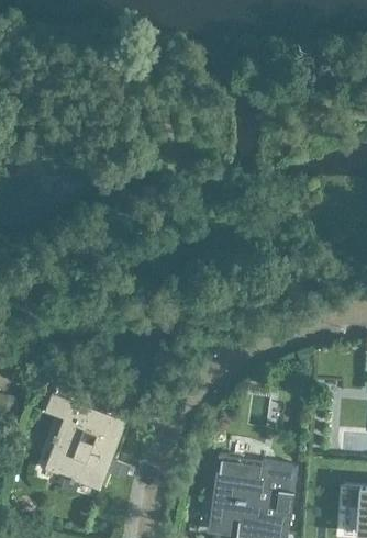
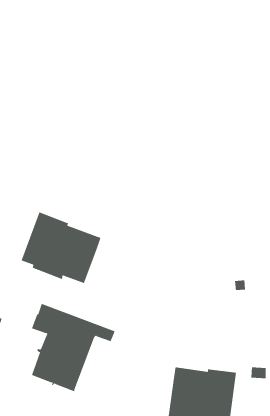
building: none -> [21,212,101,284]

